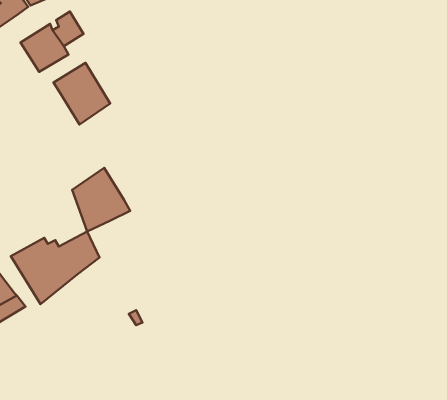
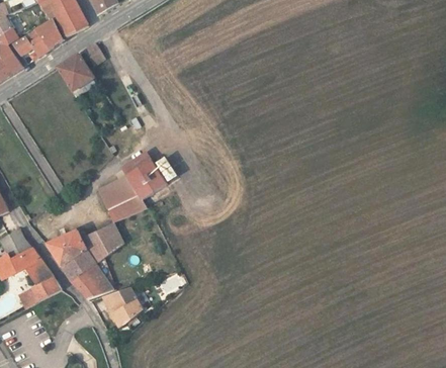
building: [54,63,110,124] -> [120,147,167,197]
building: none -> [73,259,112,298]
building: none -> [103,288,142,327]

